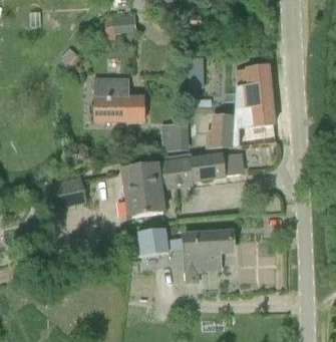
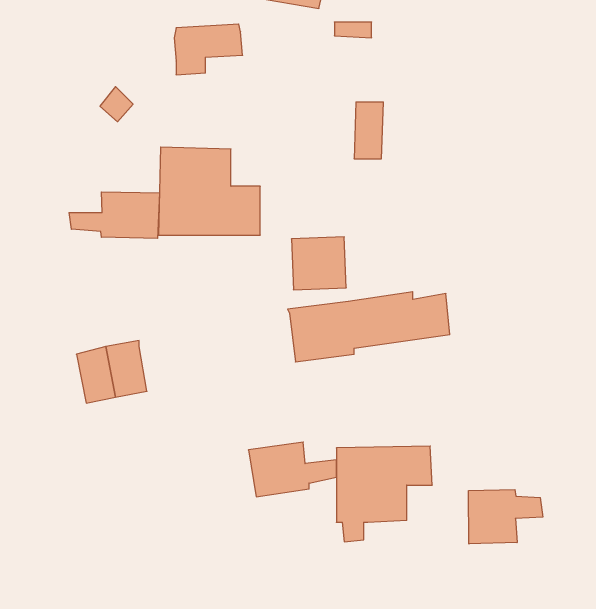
building: [205,64,277,147] -> none
building: none -> [69,192,159,238]
building: [120,161,163,217] -> none
building: none -> [469,490,543,544]

